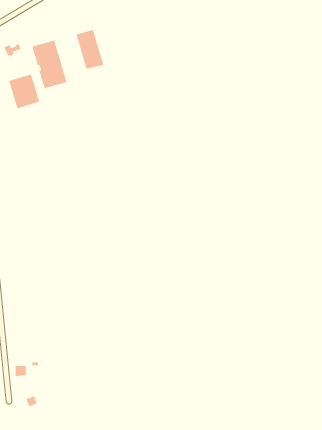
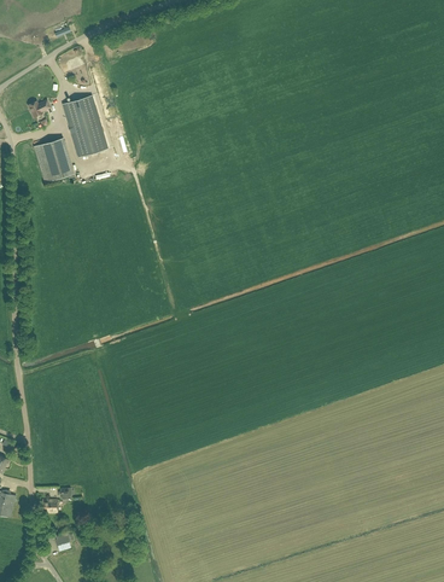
building: [76,29,104,70] -> none

